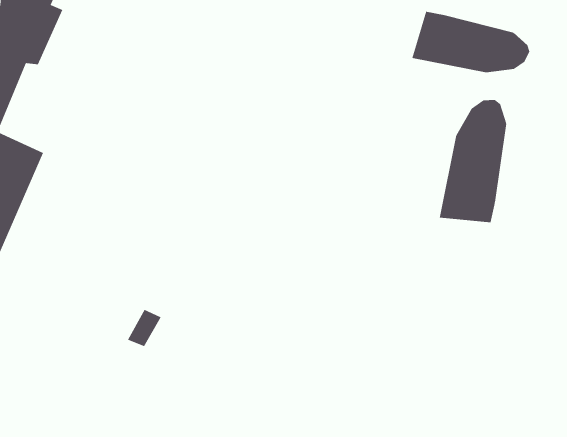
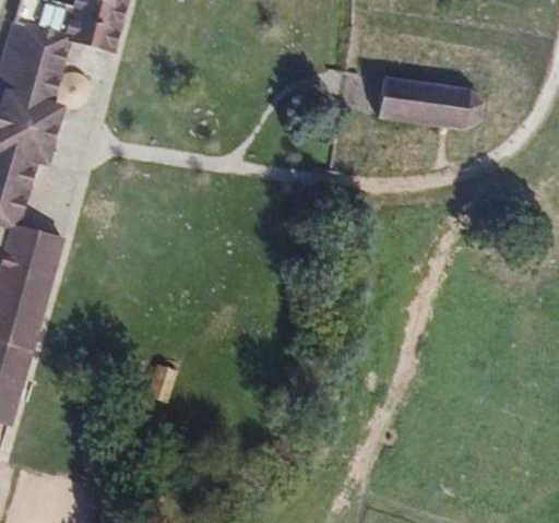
building: [439,99,507,223] -> none

